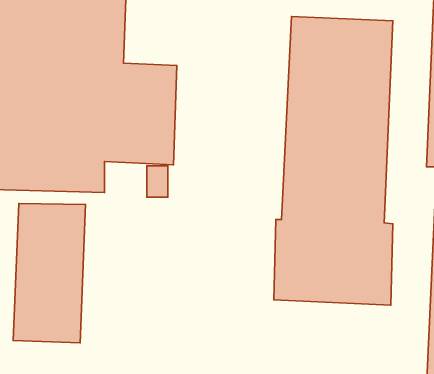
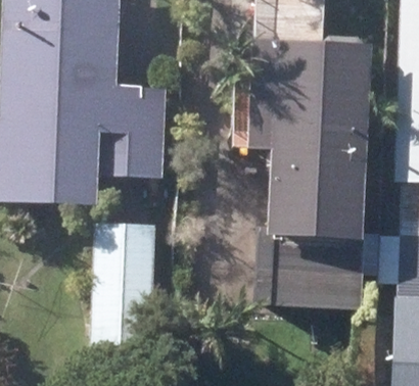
building: [13,203,86,343] -> [91,218,157,345]

